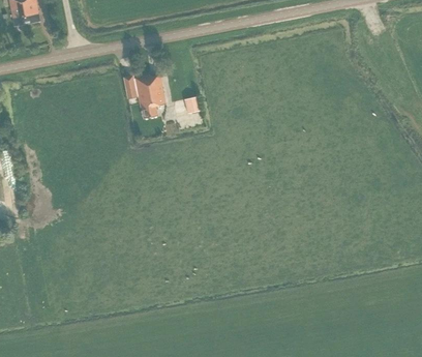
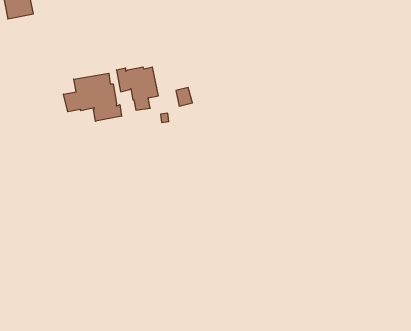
building: none -> [64,73,122,121]

